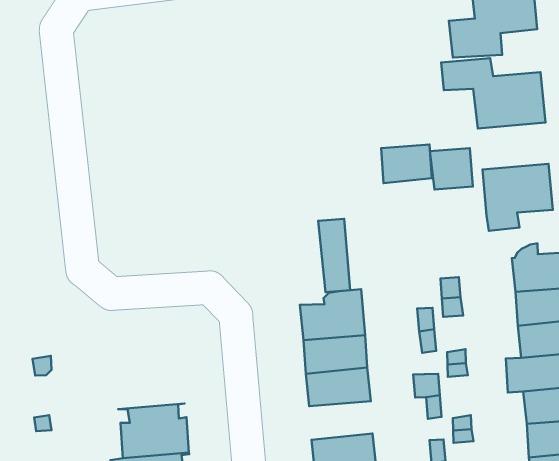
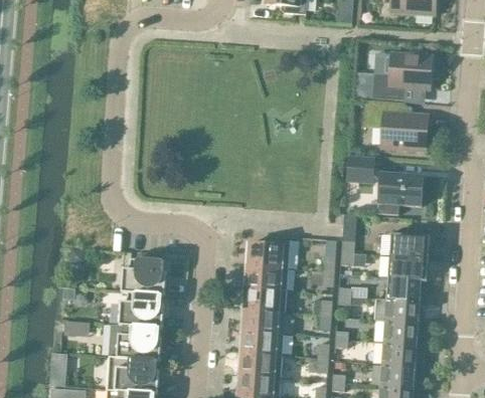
building: [381,145,432,183] -> none
building: [318,219,350,292] -> none
building: none -> [121,258,166,294]
building: none -> [242,309,285,333]

